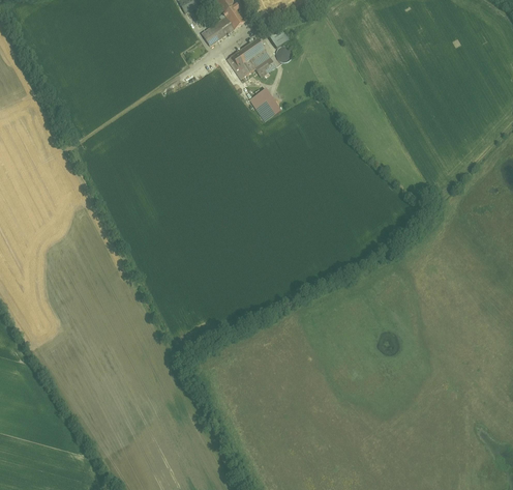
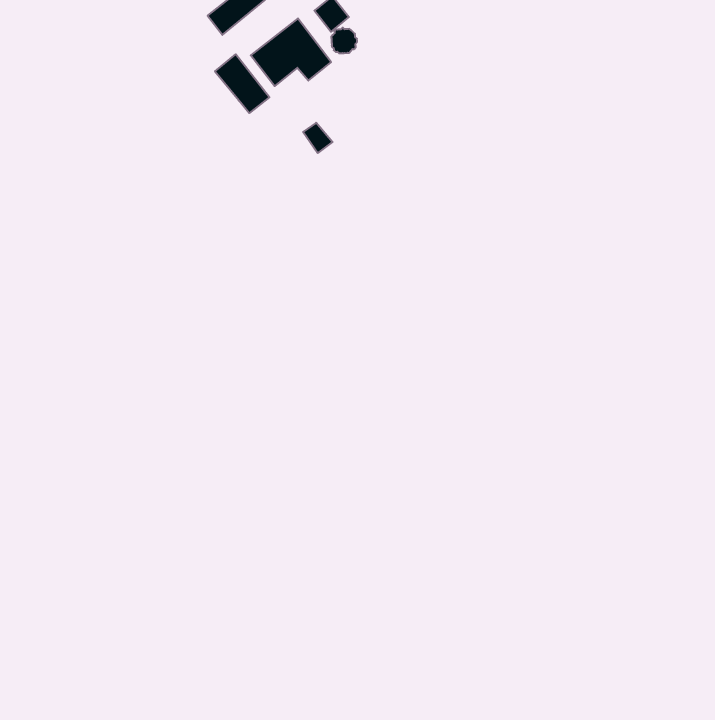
building: none -> [215,54,269,113]

